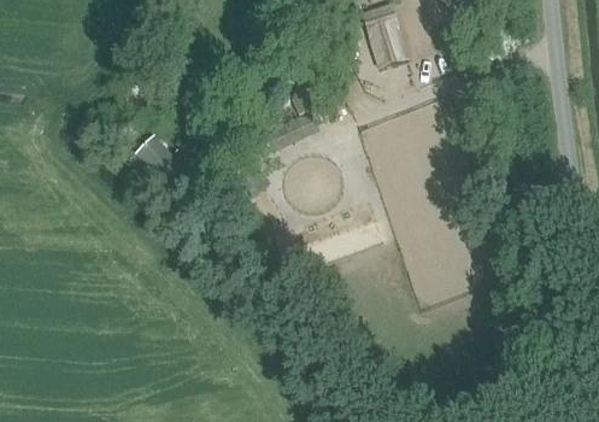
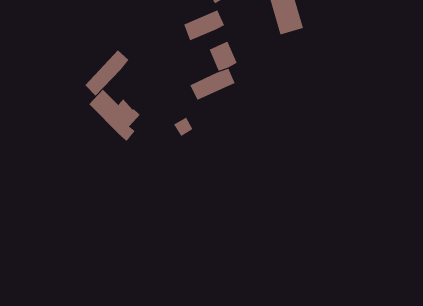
building: none -> [183,9,225,41]
building: none -> [85,50,129,97]

